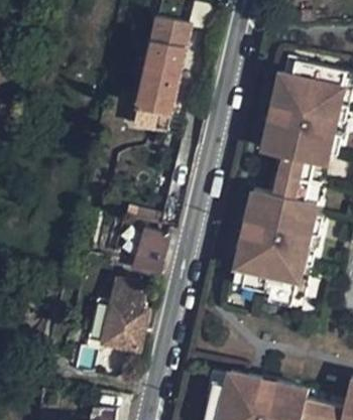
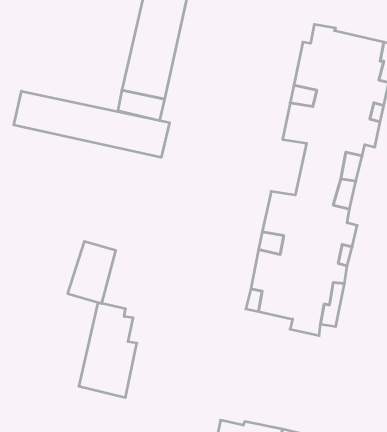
building: none -> [14,91,170,157]
building: [130,230,168,279] -> [68,242,116,304]

